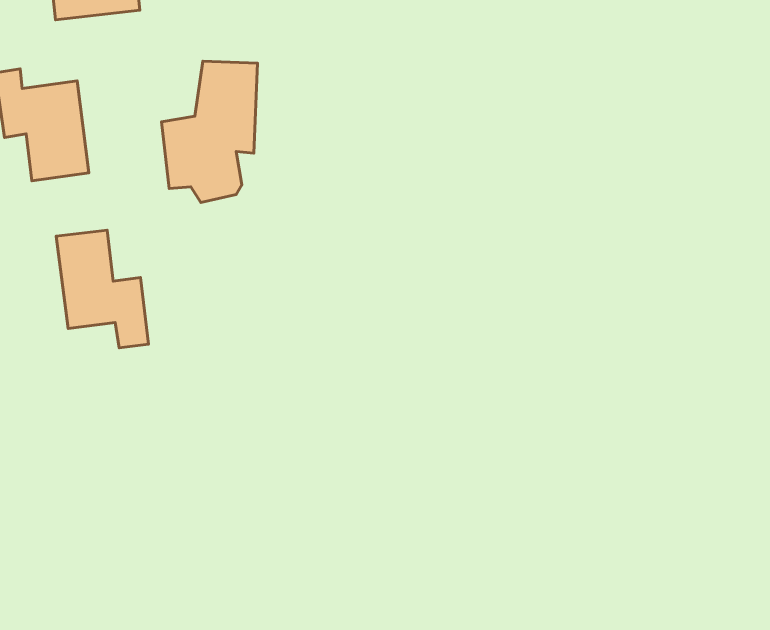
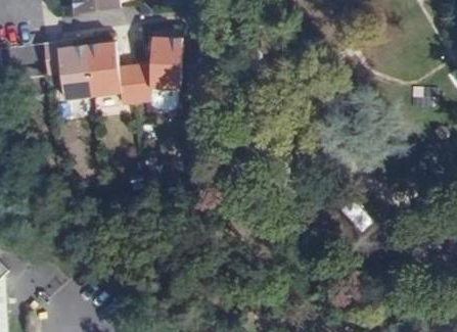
building: [56,230,148,348] -> [82,42,130,103]

